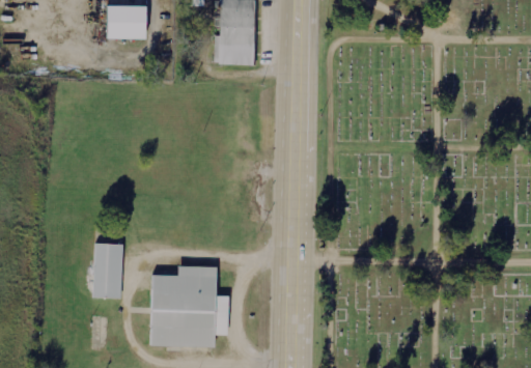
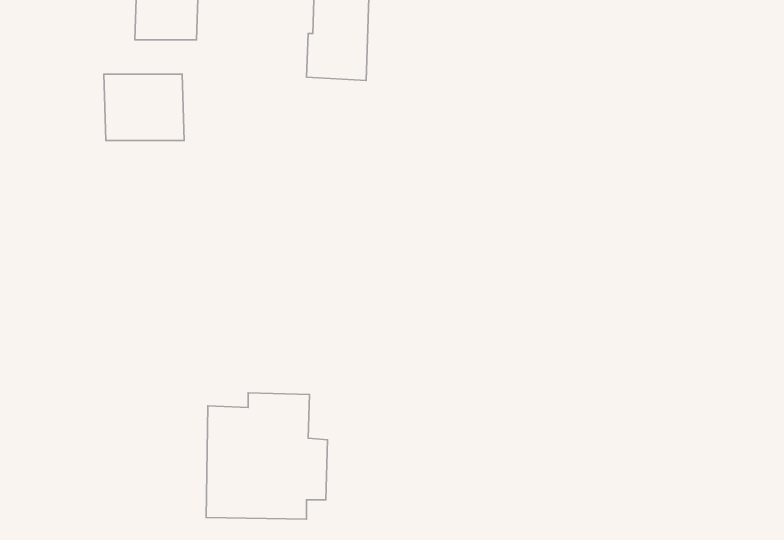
building: none -> [104,74,184,140]
building: [93,243,123,298] -> none

